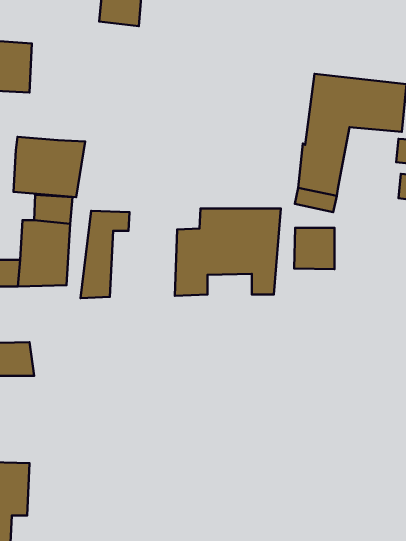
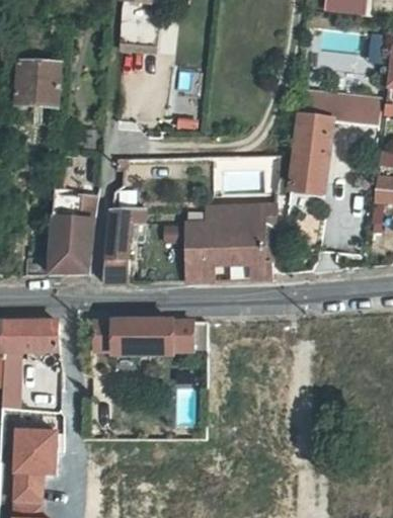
building: [14,137,85,197] -> none
building: [294,228,334,269] -> none
building: none -> [95,320,193,355]

